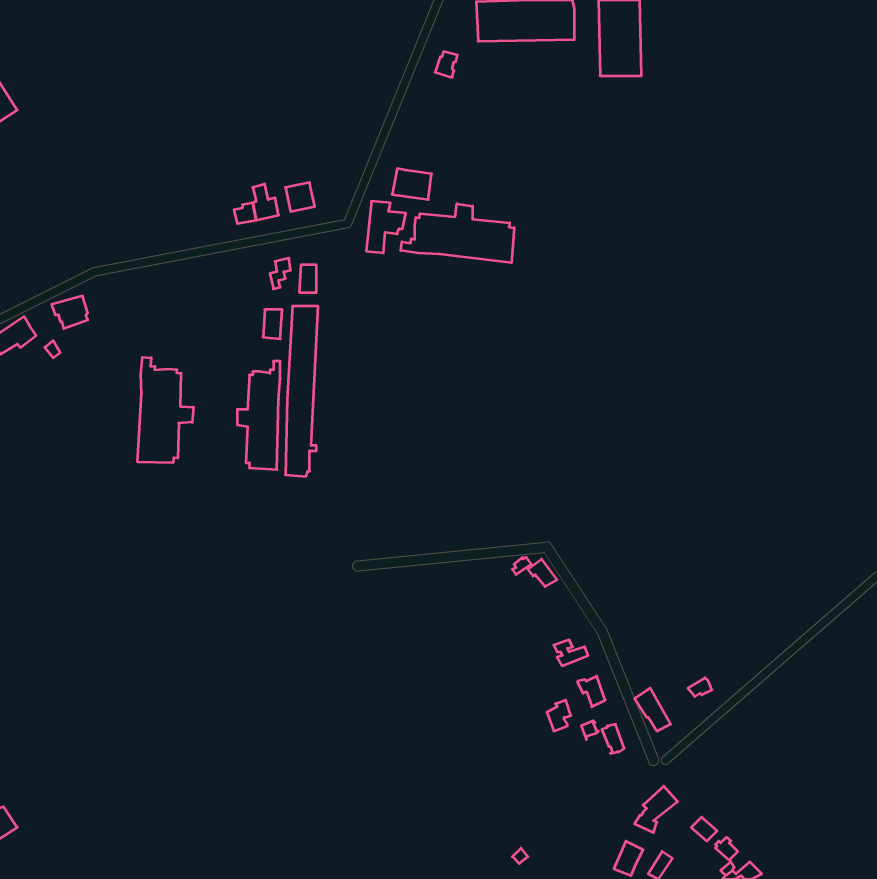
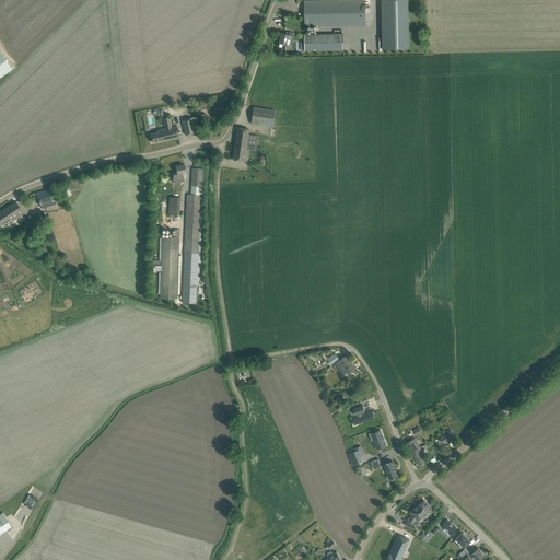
building: none -> [304,34,342,50]
building: [401,204,514,263] -> none
building: [138,357,194,463] -> none

